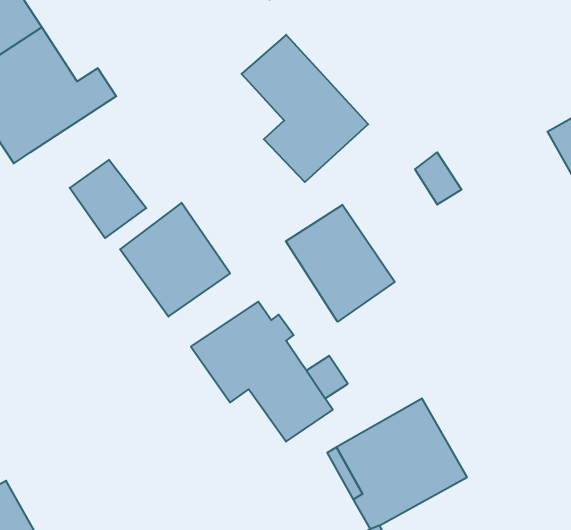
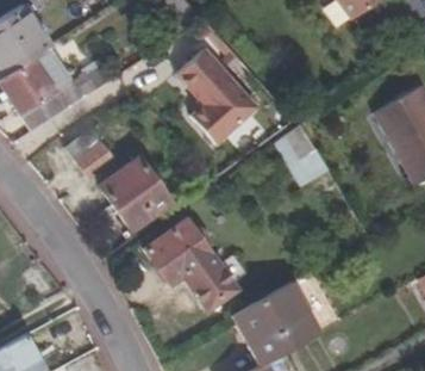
building: [286,205,395,322] -> none

